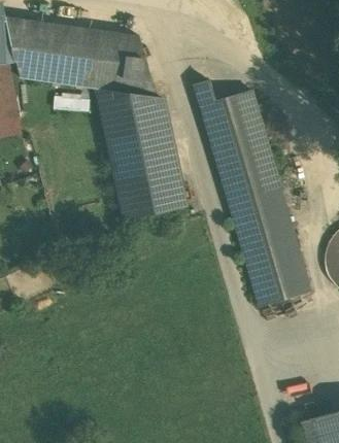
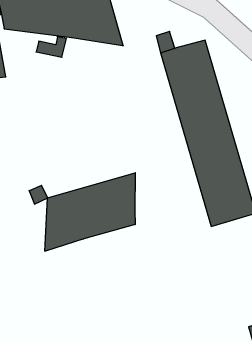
building: [97,89,185,218] -> none
building: none -> [45,173,135,251]

